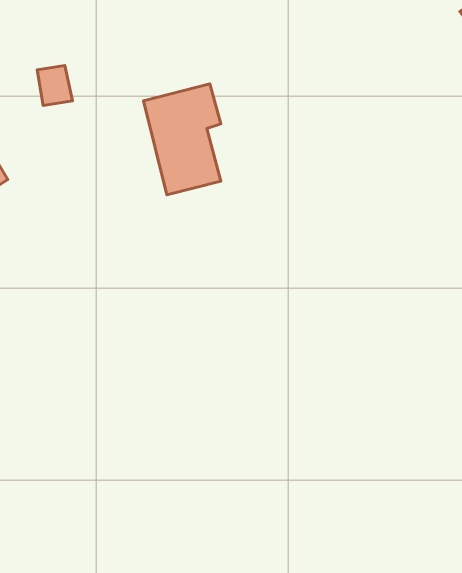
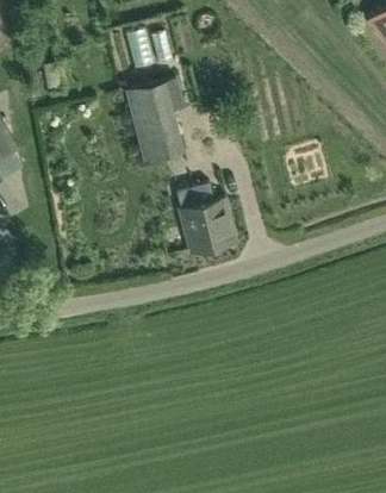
building: none -> [176,185,236,255]

